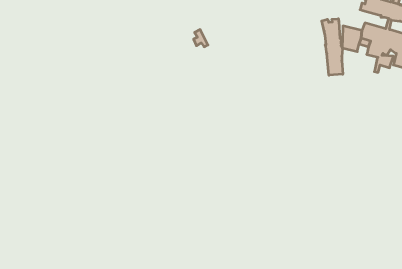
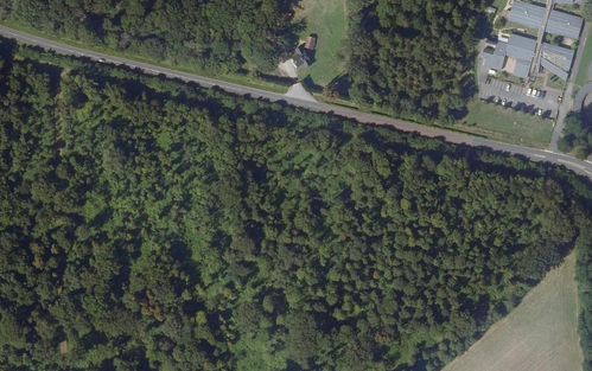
building: [322,19,343,75] -> none

